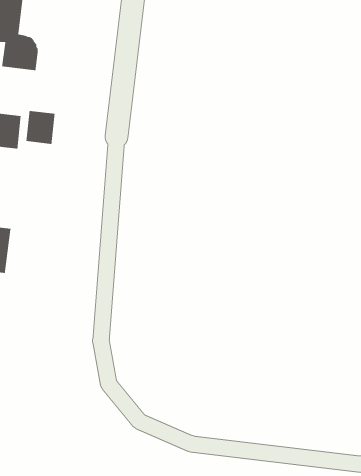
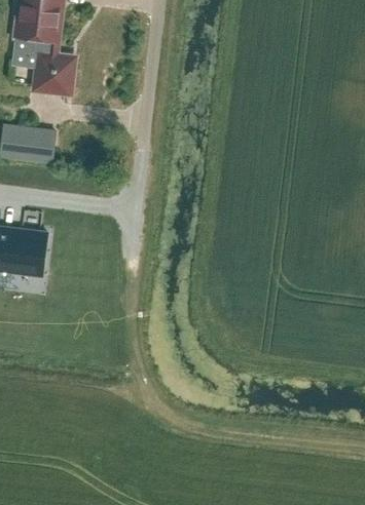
building: [25,110,56,145] -> none

